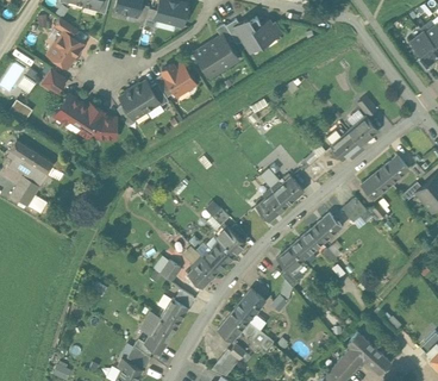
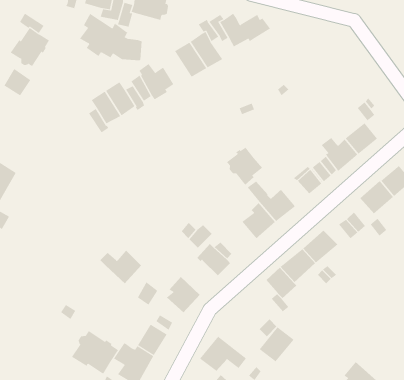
building: [58,95,115,138] -> [79,13,143,61]
building: none -> [226,147,263,185]
building: [195,242,233,273] -> [100,250,142,284]
building: [233,289,265,321] -> [259,327,295,362]
building: none -> [71,330,119,374]

